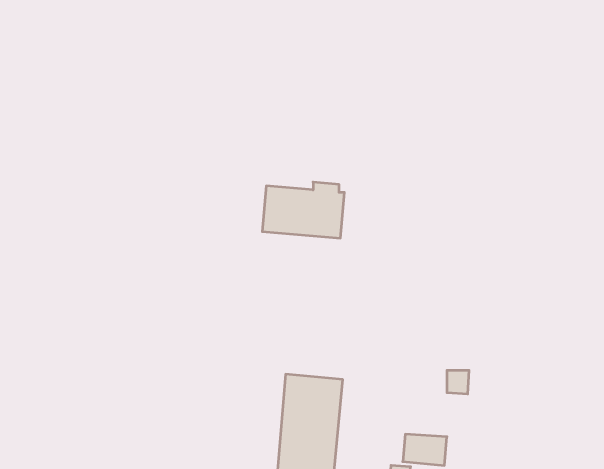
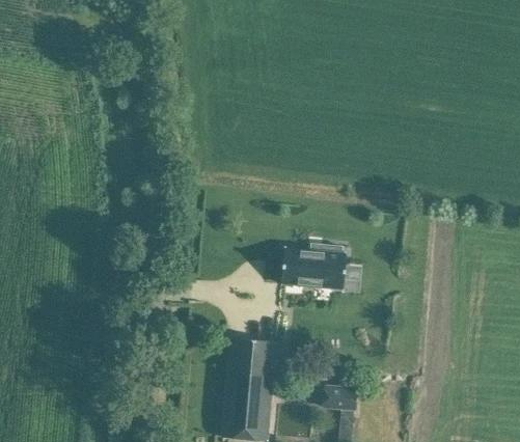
building: [262,182,344,238] -> [280,245,346,289]

